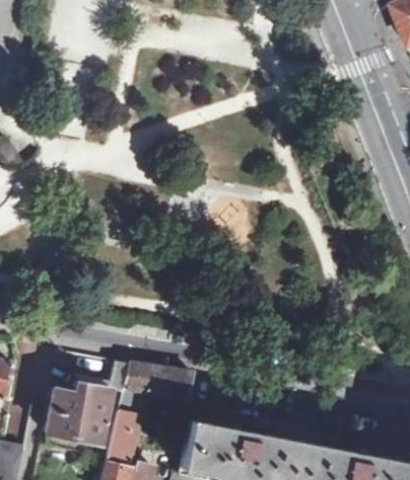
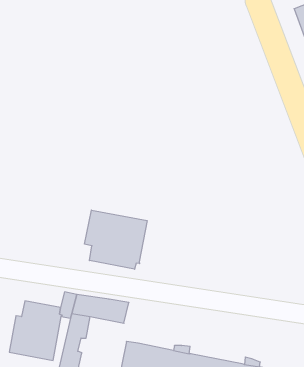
building: none -> [85,210,147,269]

